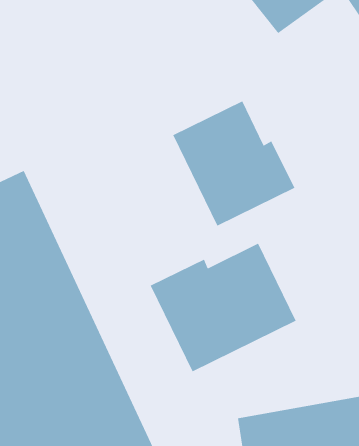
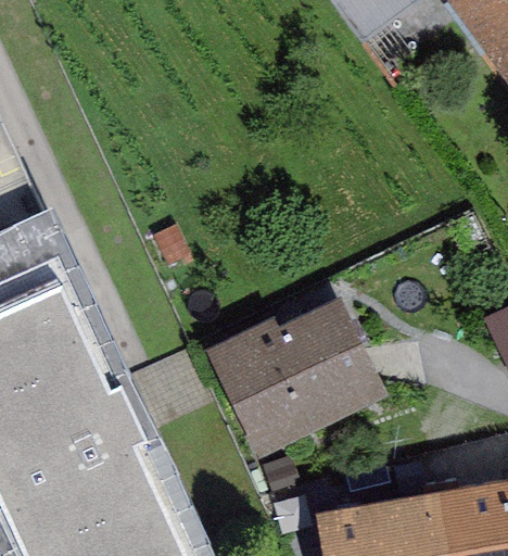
building: [172,101,295,226] -> none

